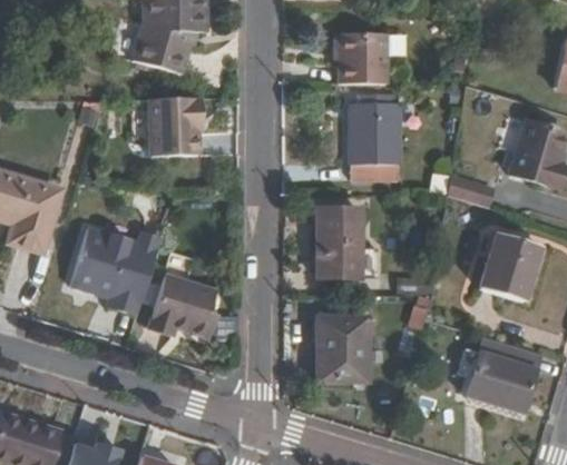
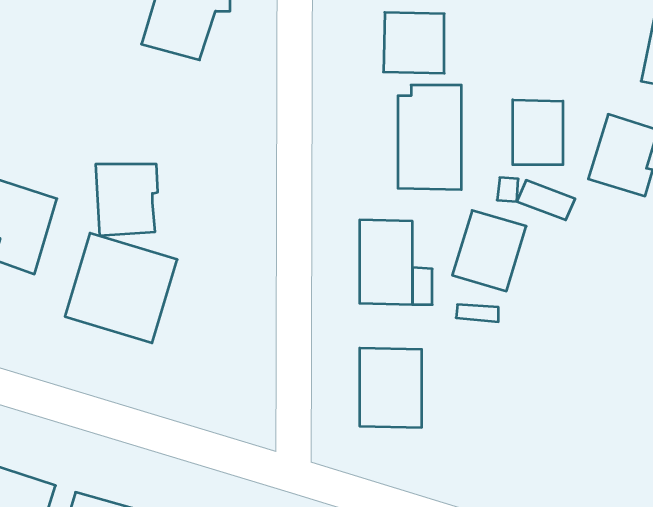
building: [148,96,201,156] -> [96,164,158,236]
building: none -> [513,100,563,165]
building: [478,232,540,300] -> [452,210,526,291]
building: [144,274,209,336] -> none
building: [458,335,540,413] -> none

